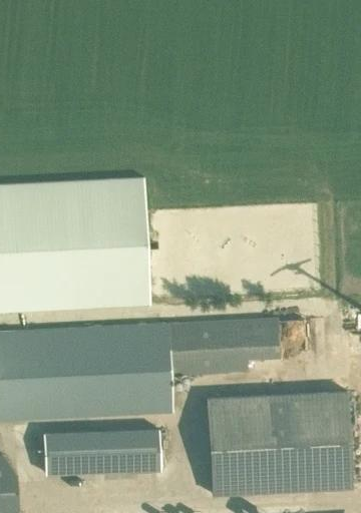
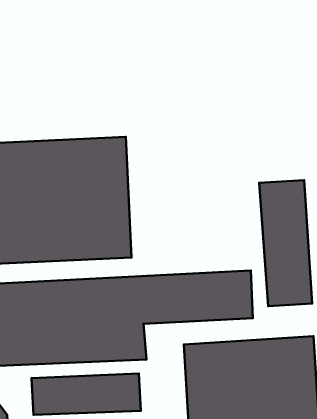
building: none -> [259,180,312,306]

